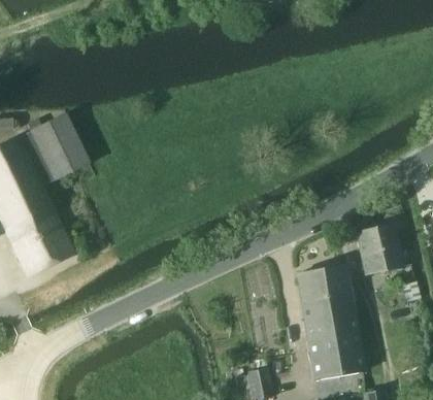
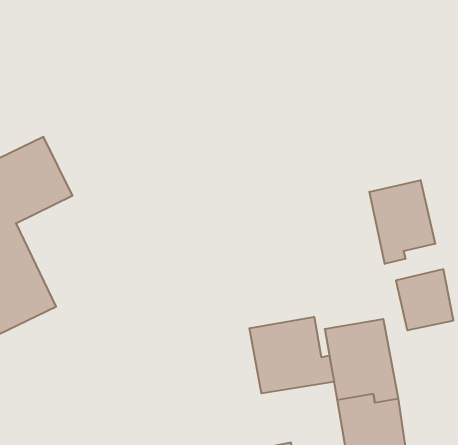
building: none -> [369,180,435,264]
building: none -> [250,317,334,393]

